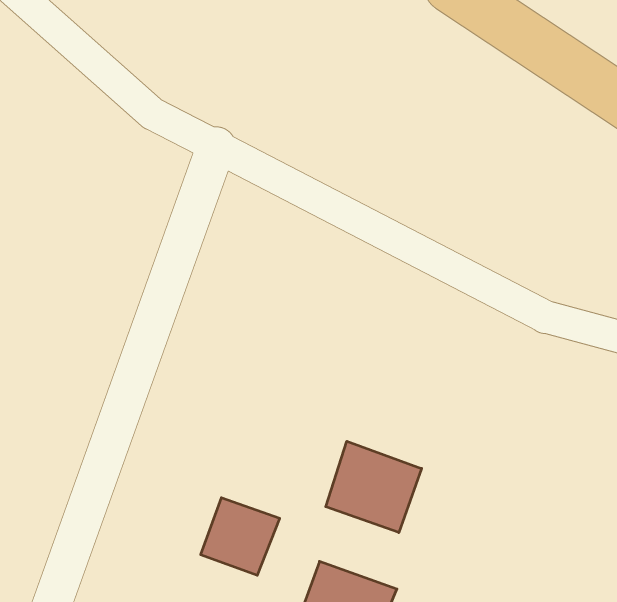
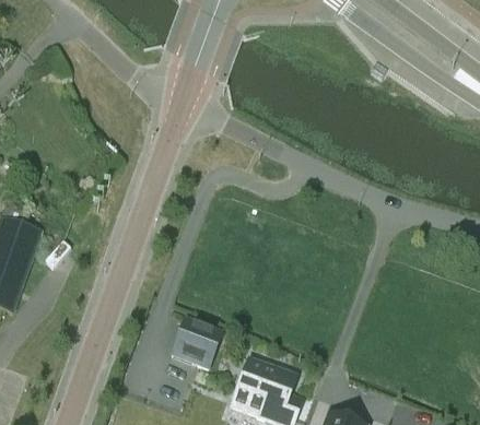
building: [326,441,422,533] -> none

